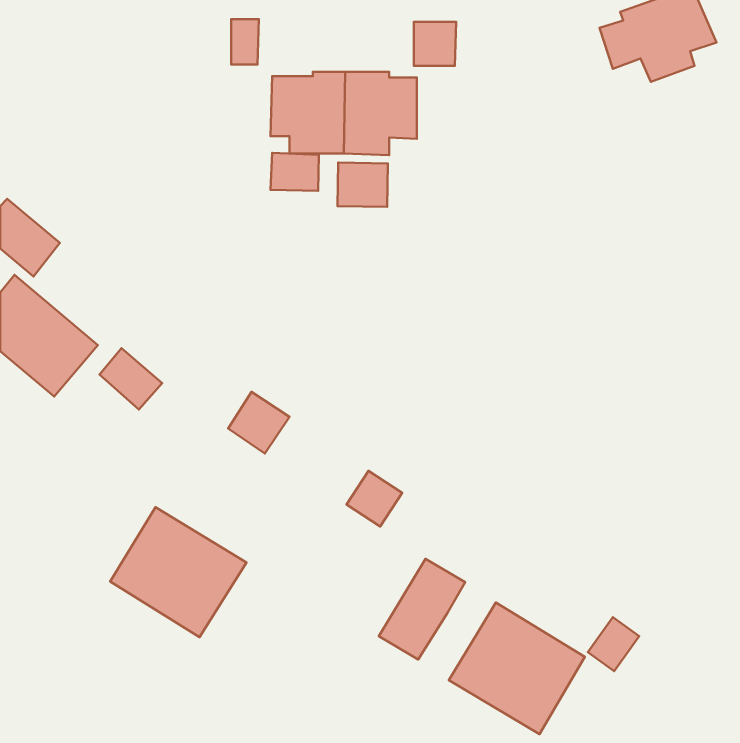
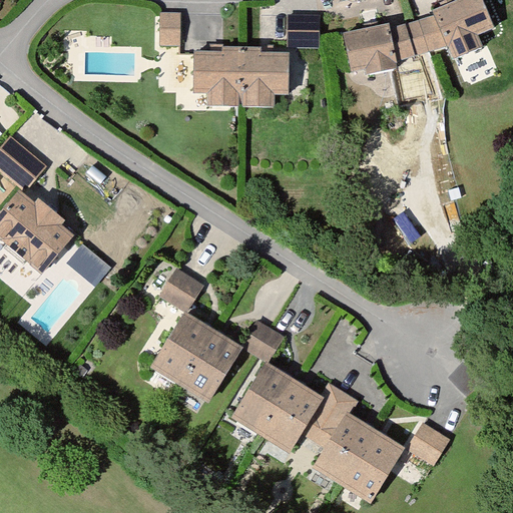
building: none -> [343,19,425,69]
building: [271,153,319,191] -> none
building: [337,163,388,207] -> none
building: [110,507,246,637] -> [150,313,243,402]
building: none -> [231,363,297,436]
building: none -> [312,386,354,433]

